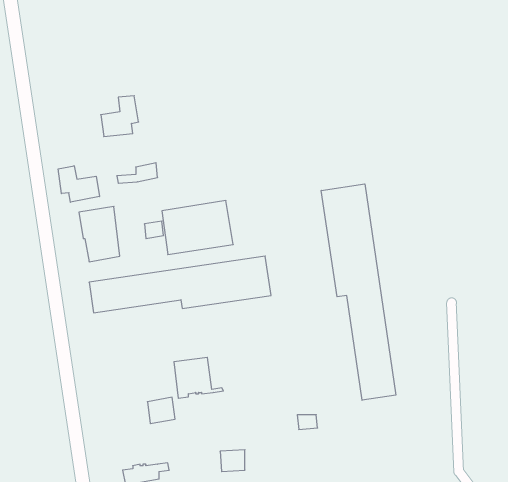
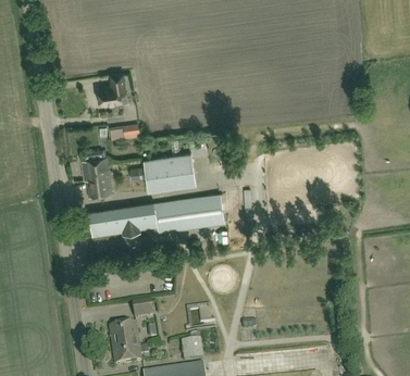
building: [58,166,99,202] -> none
building: [321,184,396,400] -> none
building: [174,357,223,398] -> [110,323,147,353]

